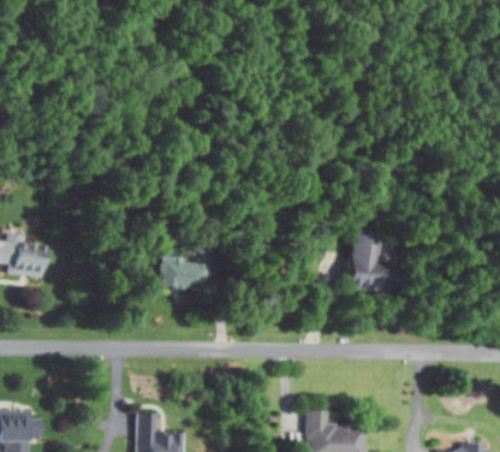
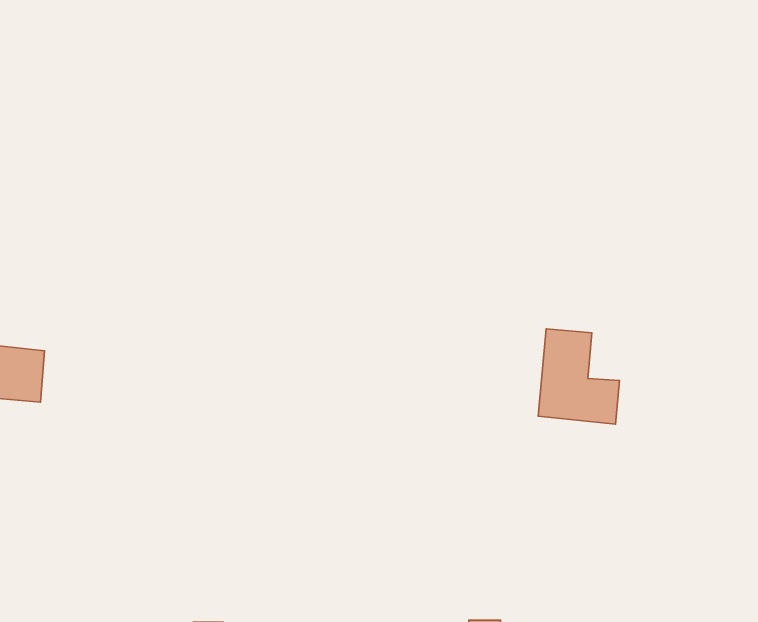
building: [159,260,209,292] -> none

